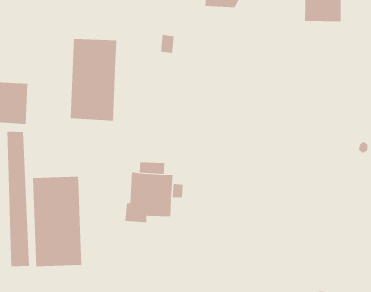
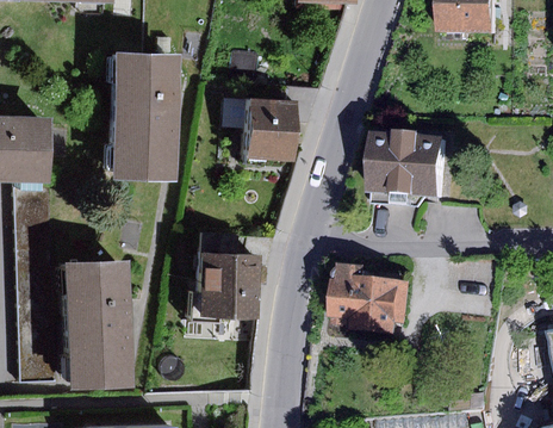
building: none -> [240,95,294,166]
building: none -> [372,132,449,209]
building: none -> [335,267,418,336]

